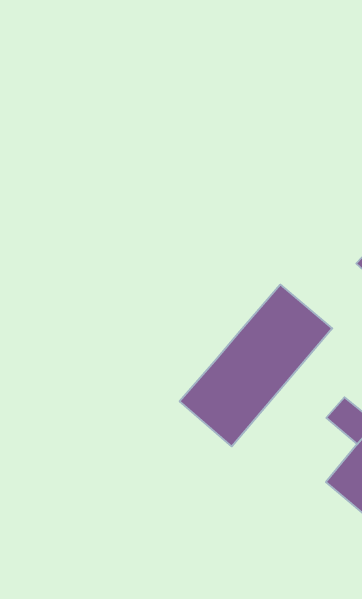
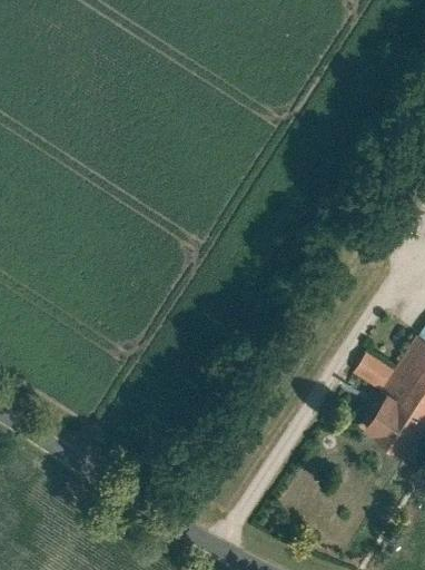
building: [180,285,332,446] -> none

